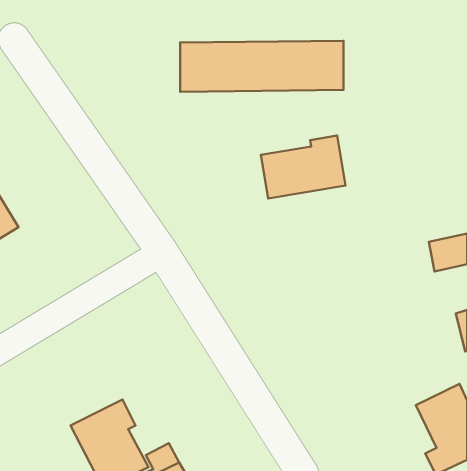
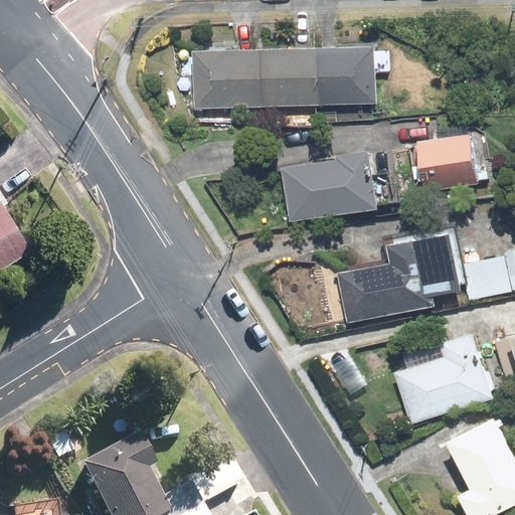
building: none -> [412,138,477,193]
building: none -> [339,233,462,321]
building: none -> [395,336,492,423]

